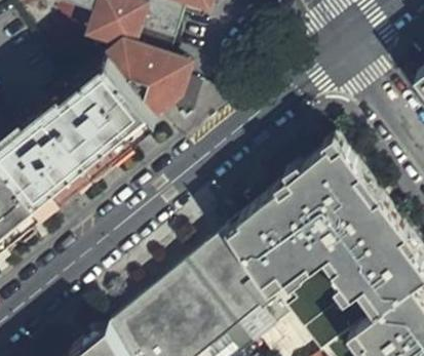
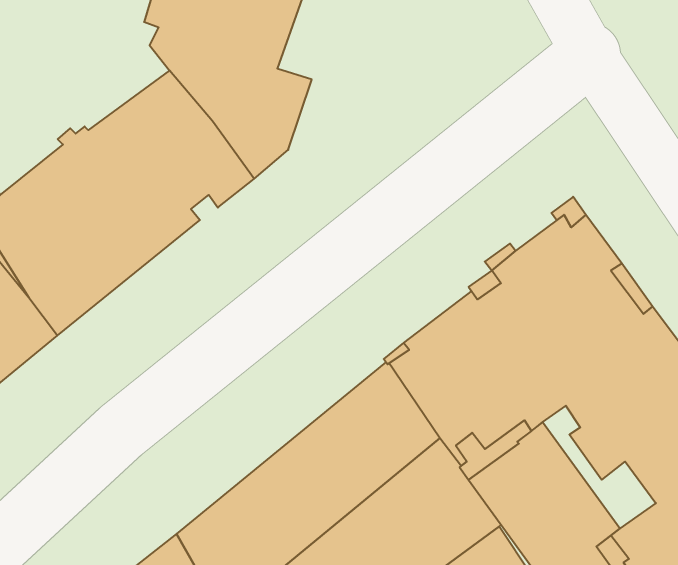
building: [319,250,384,320] -> none

